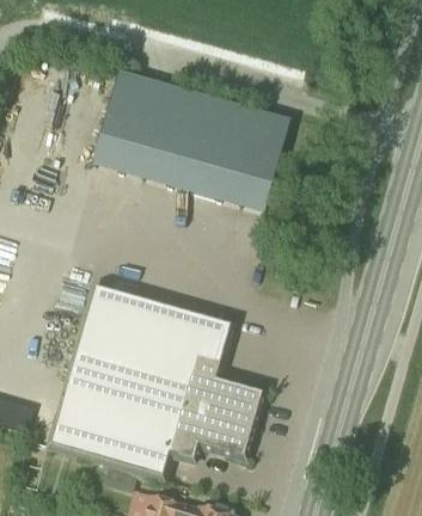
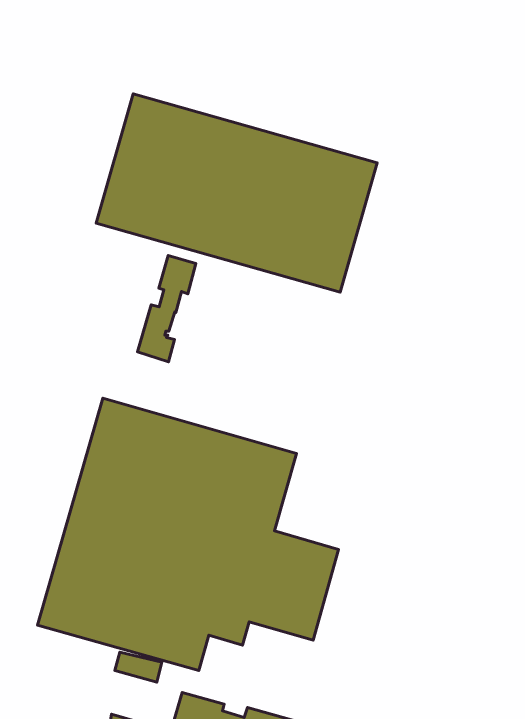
building: none -> [137,255,196,362]

